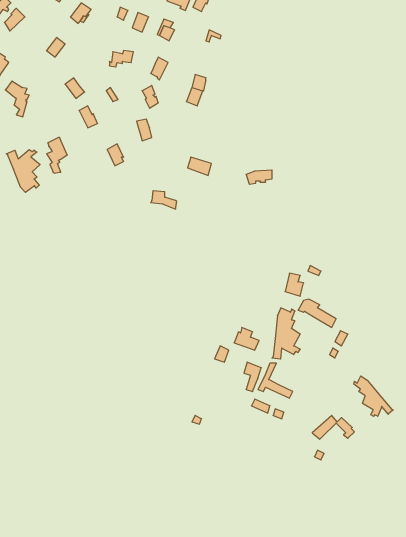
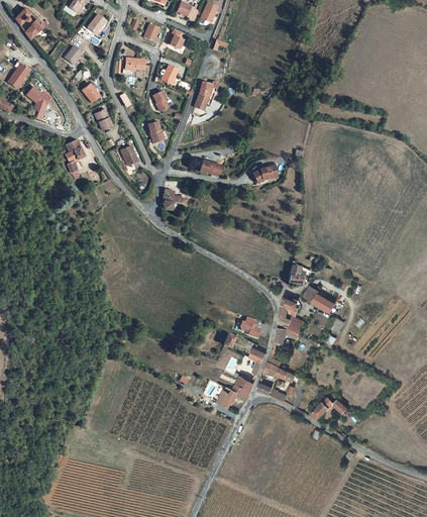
building: [6,150,40,192] -> none
building: [354,376,393,416] -> none
building: none -> [216,378,252,408]

